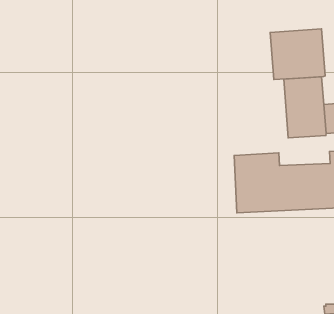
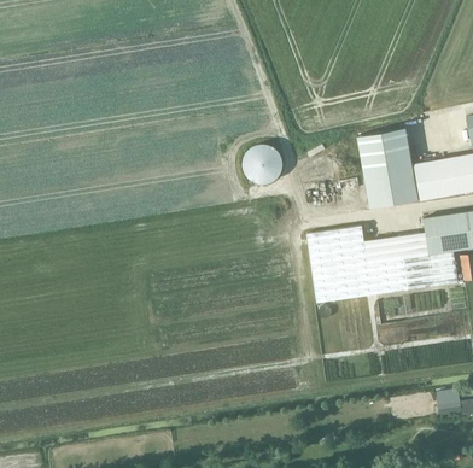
building: [270,29,325,80] -> none
building: none -> [247,148,282,182]

